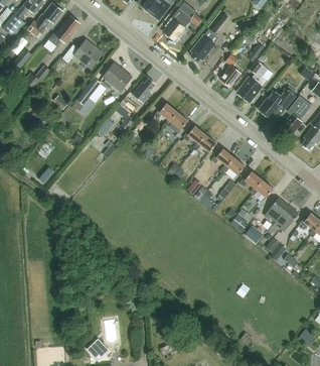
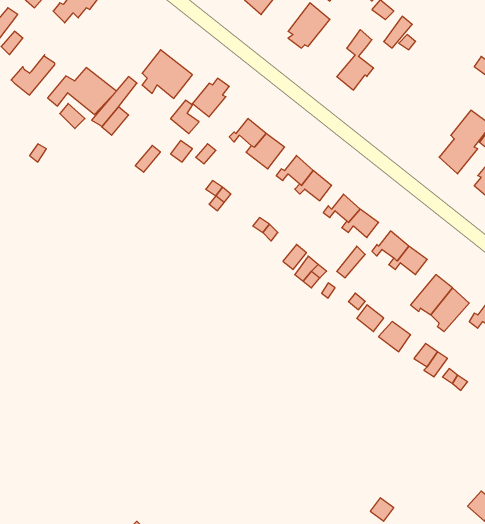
building: [62,39,104,68] -> [48,68,116,115]
building: [237,59,267,101] -> none
building: [259,86,297,118] -> none

